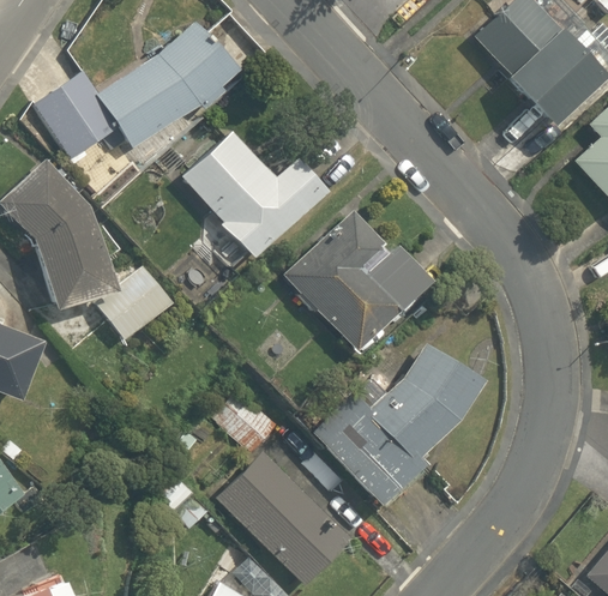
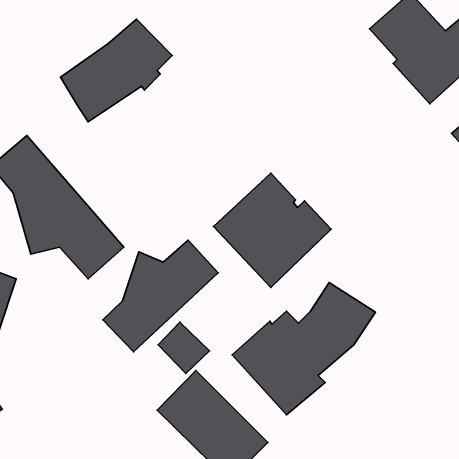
building: [36,72,120,161] -> none
building: [182,131,323,258] -> none
building: none -> [103,240,218,352]

